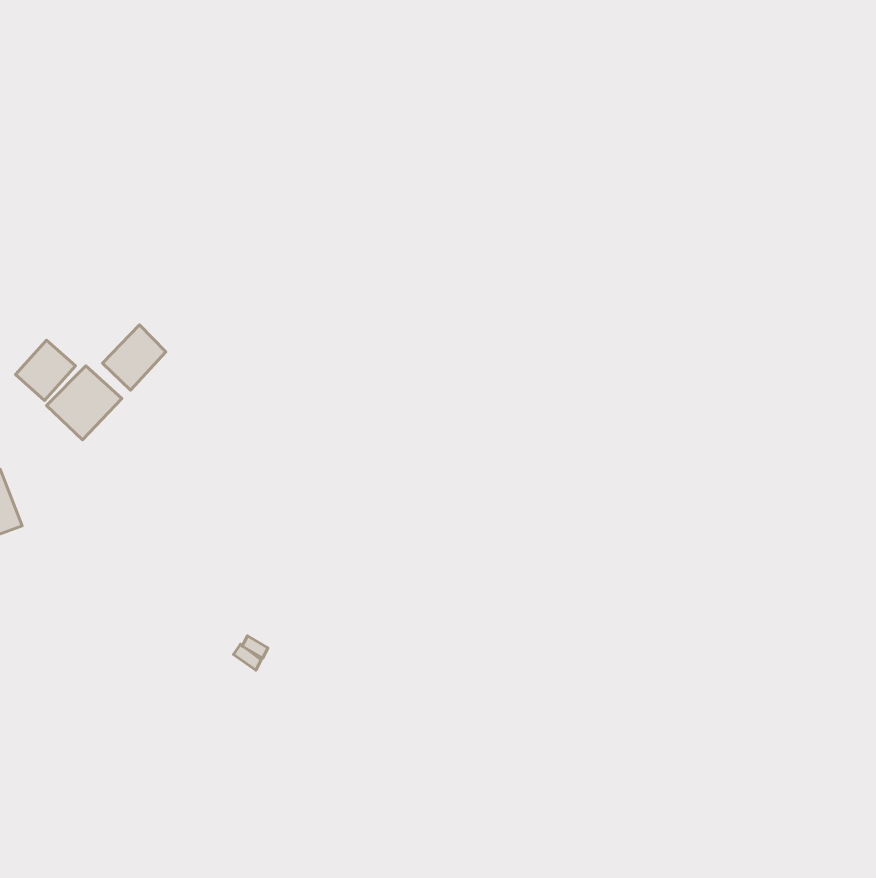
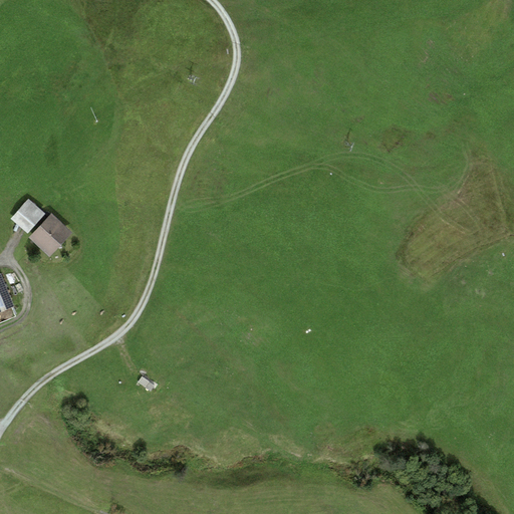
building: [103,325,166,390] -> none

